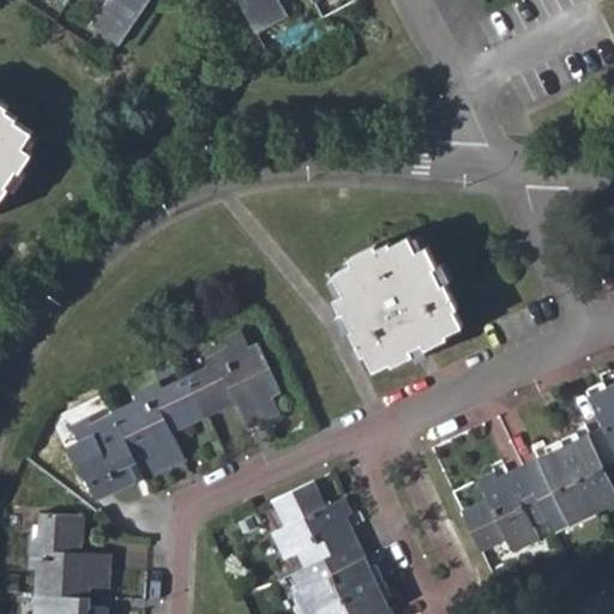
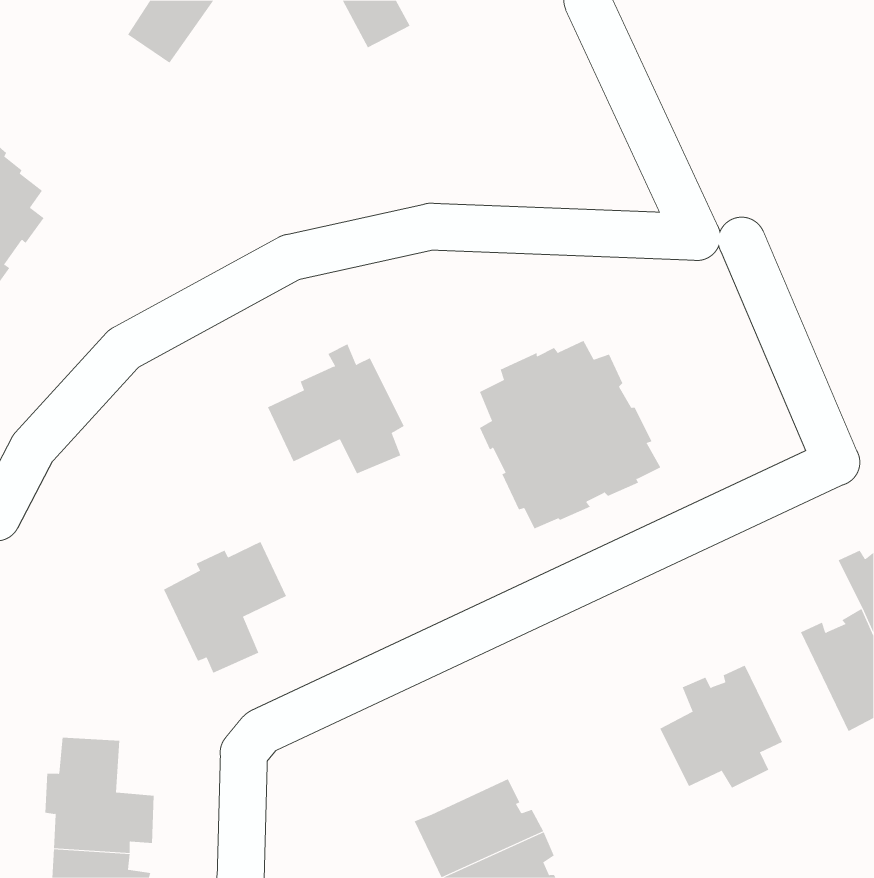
building: [182,333,278,425] -> [267,344,405,474]
building: [70,411,138,496] -> none
building: [520,441,592,530] -> none
building: [270,482,355,568] -> none

